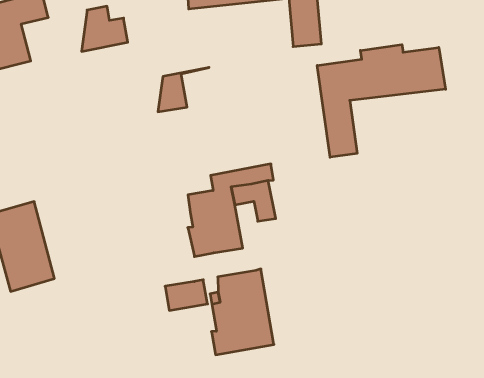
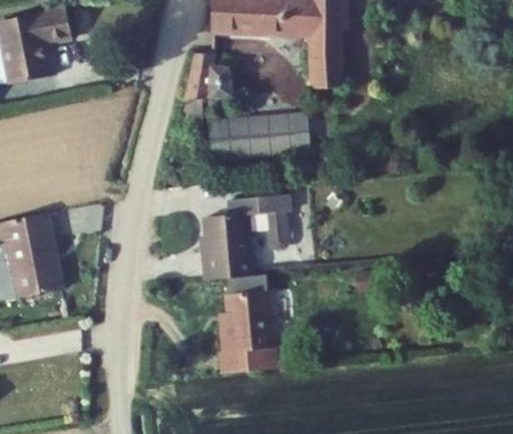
building: [82,6,128,51] -> [186,56,232,98]
building: [317,45,446,157] -> none
building: none -> [210,111,313,157]
building: [165,280,208,310] -> [220,273,261,300]

